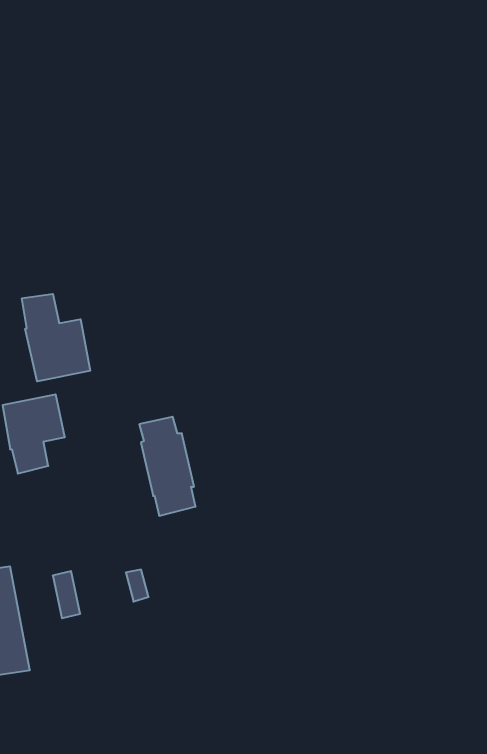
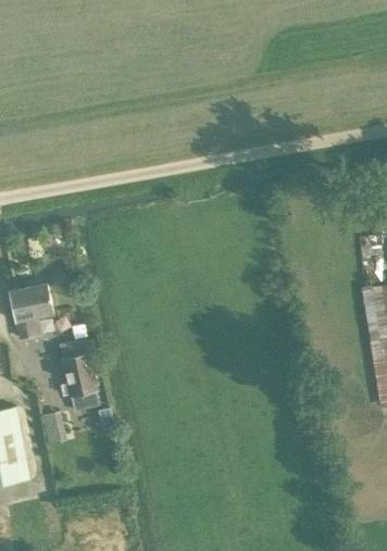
building: [22,294,90,381] -> none
building: [139,417,196,516] -> [59,341,99,412]

